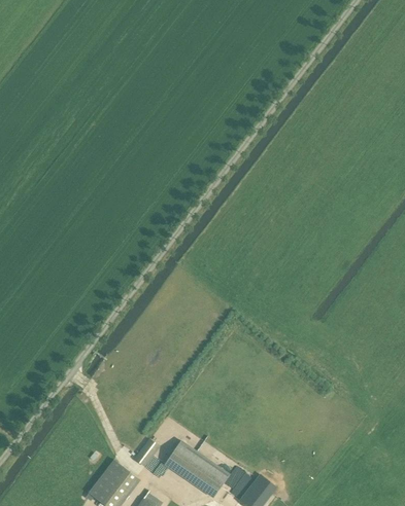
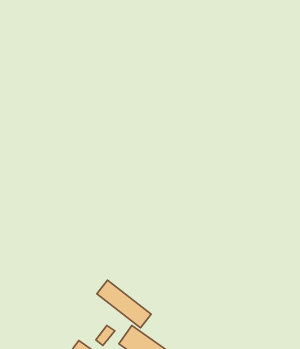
building: none -> [97,280,151,328]

